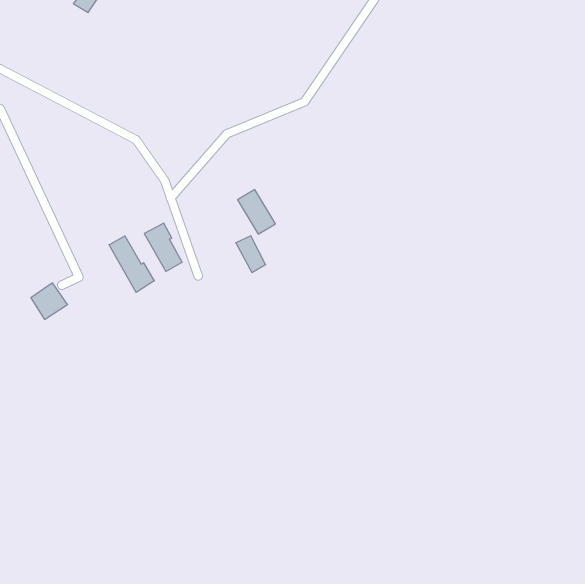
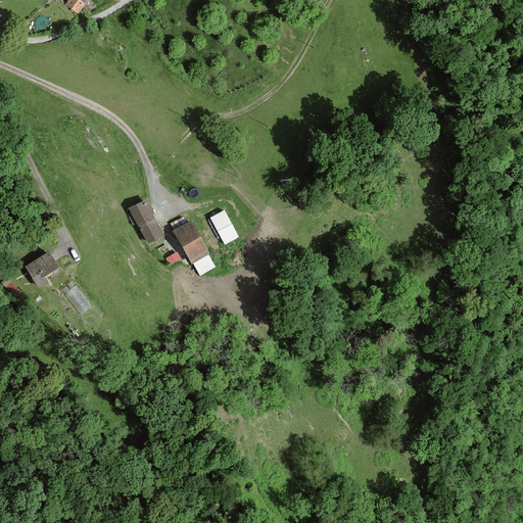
building: [238,189,275,234] -> [174,222,207,262]
building: [109,236,154,292] -> none

